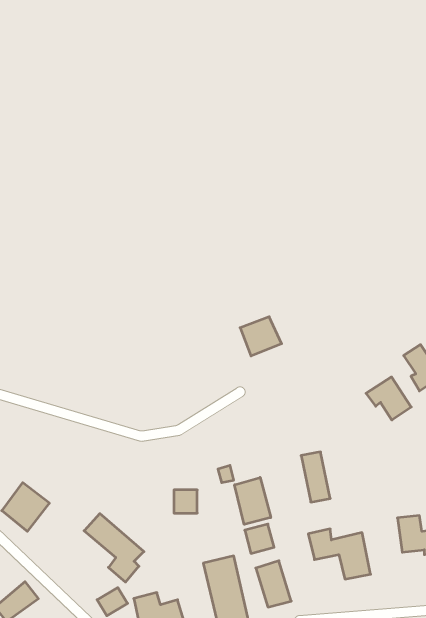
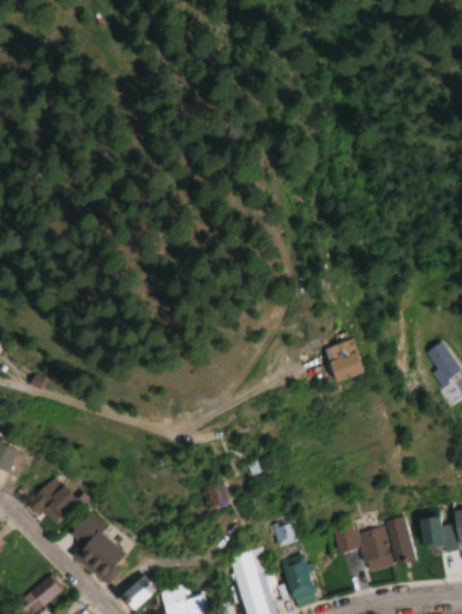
building: [240,317,282,356] -> [317,349,358,387]
building: [366,377,411,420] -> none
building: [301,452,330,502] -> [388,516,416,565]
building: [235,477,271,524] -> none
building: [84,514,144,582] -> [70,517,128,584]

